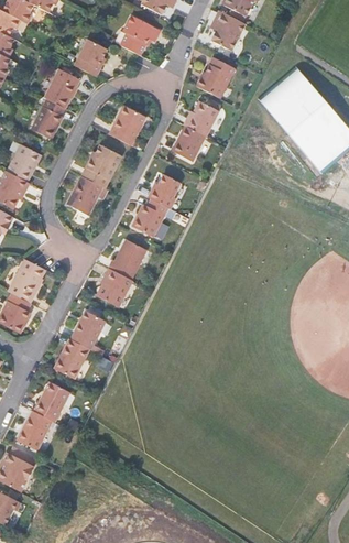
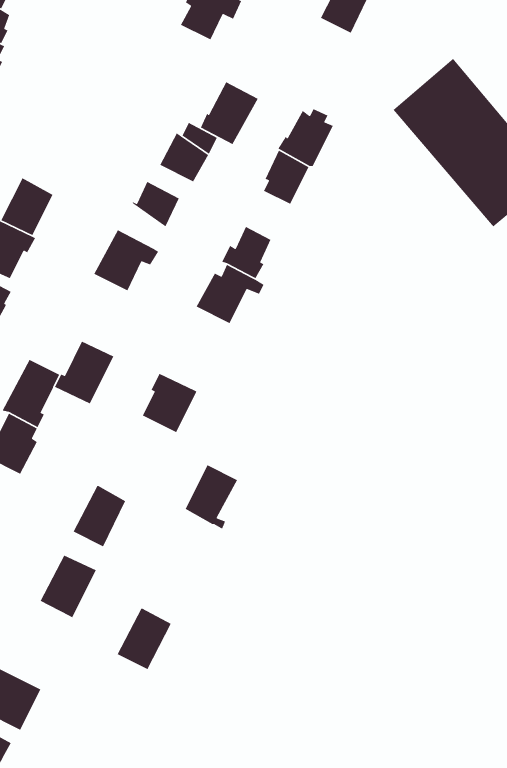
building: [75,39,107,77] -> none
building: [197,55,235,96] -> [200,81,259,145]
building: [46,68,80,108] -> none
building: [32,106,63,138] -> none
building: [83,159,113,187] -> none
building: [109,237,148,278] -> [54,341,115,405]
building: [70,309,105,351] -> [185,464,238,530]
building: [17,412,52,452] -> [117,608,172,670]

